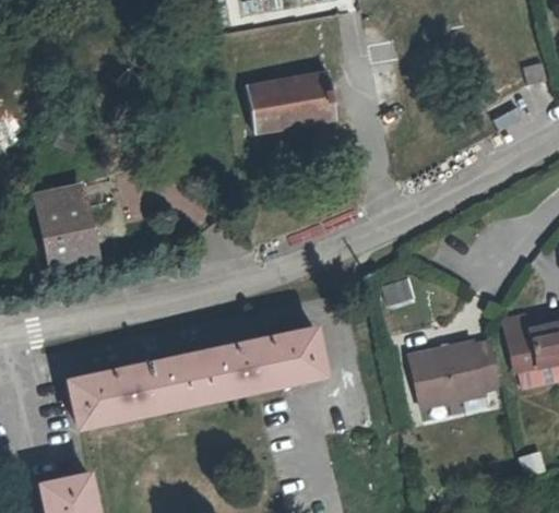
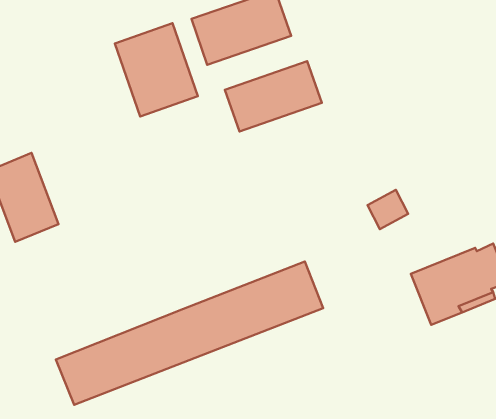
building: none -> [115,23,198,116]
building: none -> [225,61,322,131]

